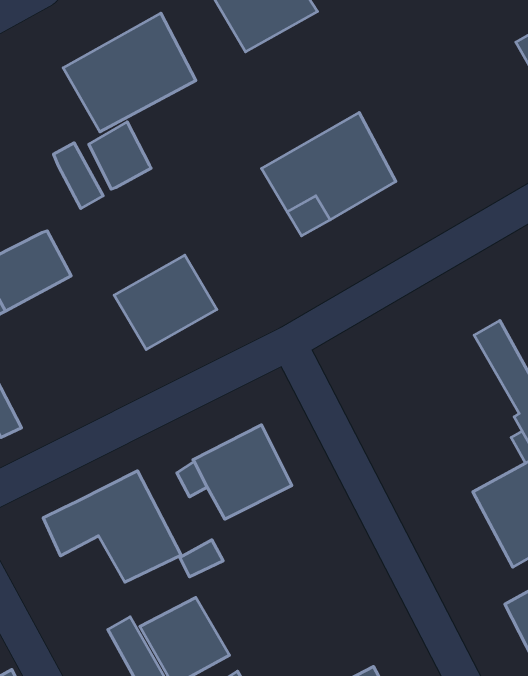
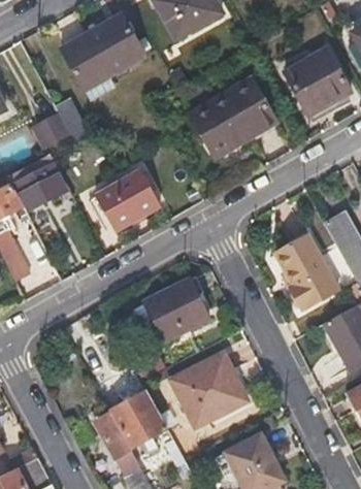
building: none -> [285,48,349,115]
building: [89,122,151,189] -> [33,112,73,156]
building: none -> [275,235,338,308]
building: [43,471,181,582] -> none
building: none -> [171,353,248,427]

